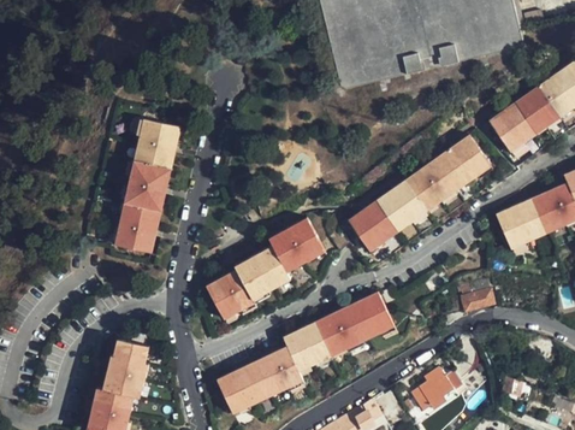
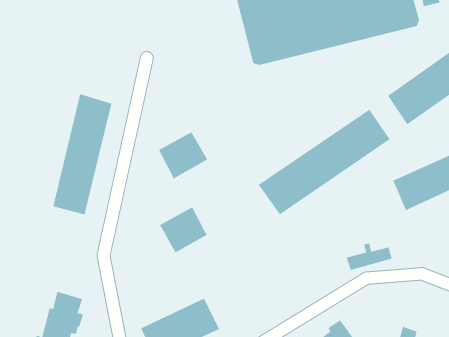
building: [268,217,324,270] -> [158,131,208,179]
building: [204,269,255,319] -> none
building: [281,291,395,371] -> none

